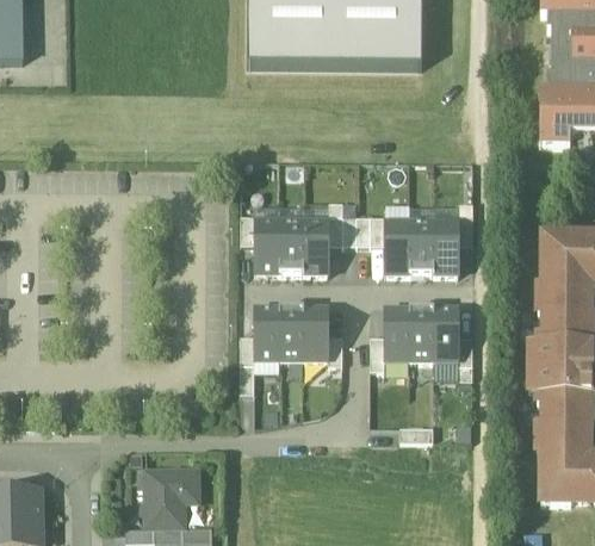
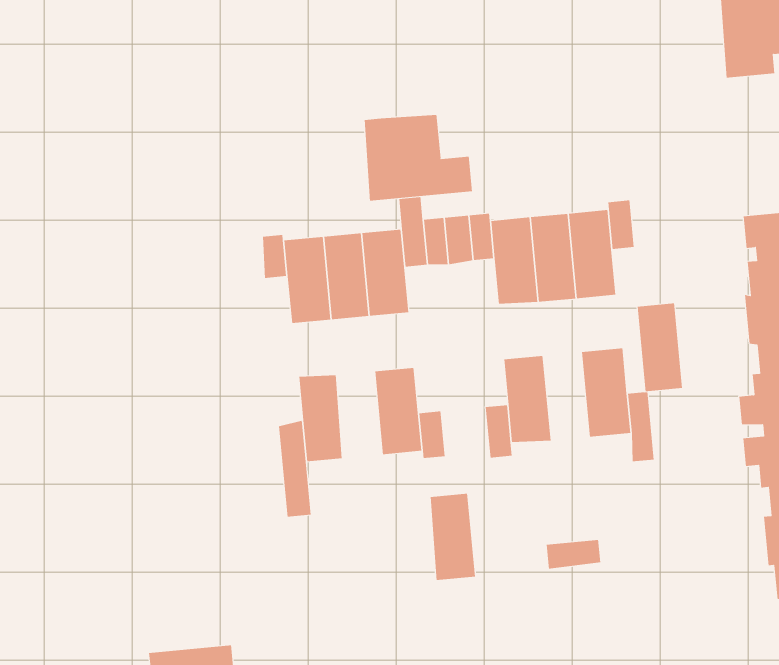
building: none -> [364,114,473,201]
building: [278,306,303,359] -> [430,493,476,581]
building: [409,306,433,360] -> [637,303,683,392]

